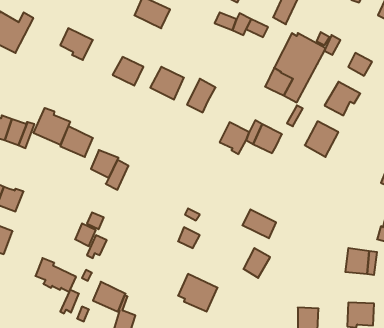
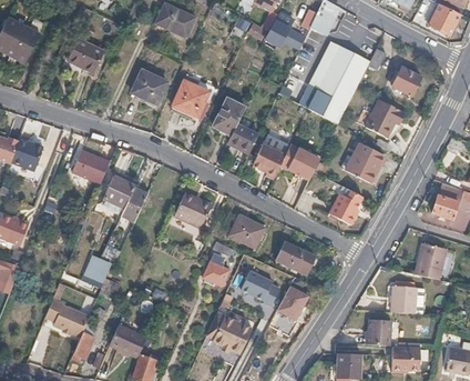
building: none -> [227,120,258,153]
building: [34,108,70,145] -> none
building: none -> [331,187,367,225]
building: none -> [174,190,210,227]
building: none -> [228,213,264,247]
building: none -> [238,271,278,305]
building: none -> [368,318,392,344]

